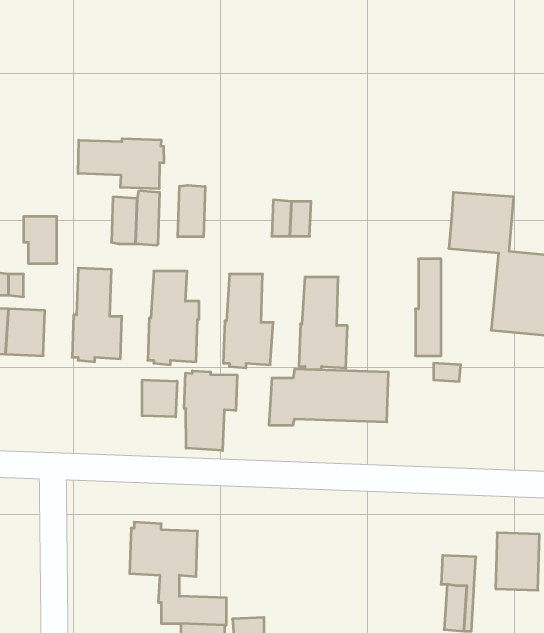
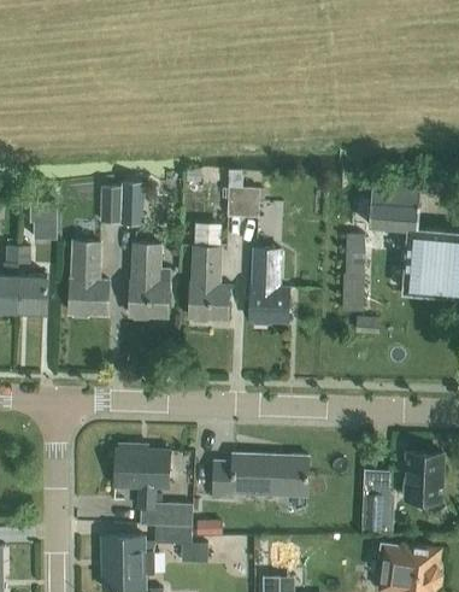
building: [78,139,164,189] -> none
building: [178,185,205,237] -> none
building: [269,369,388,425] -> [212,455,307,499]
building: [184,371,237,451] -> none
building: [142,380,177,417] -> none

